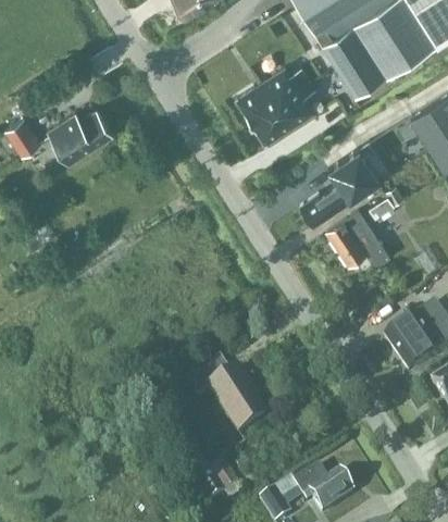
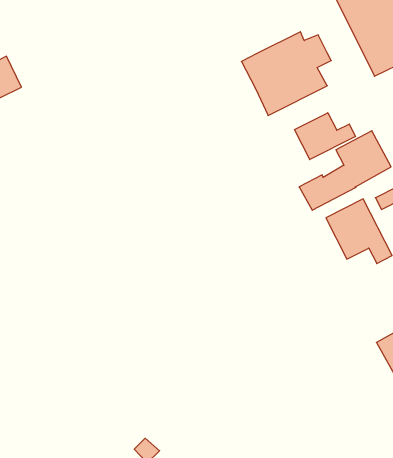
building: [49,109,113,163] -> none
building: none -> [295,113,355,160]
building: [188,361,266,436] -> none

